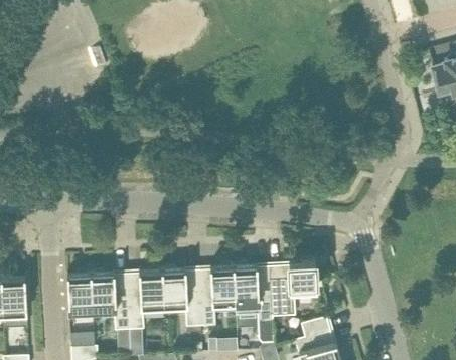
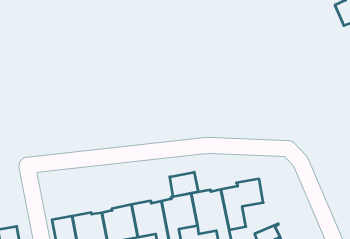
building: none -> [170,172,198,197]

